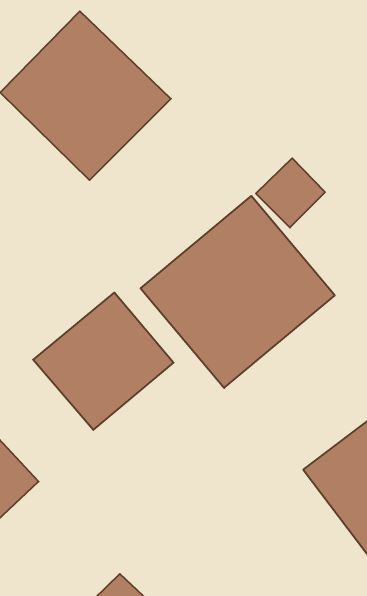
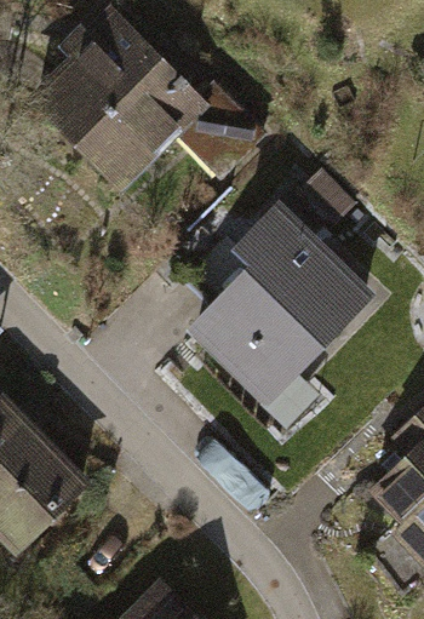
building: [33,293,174,430] -> none

